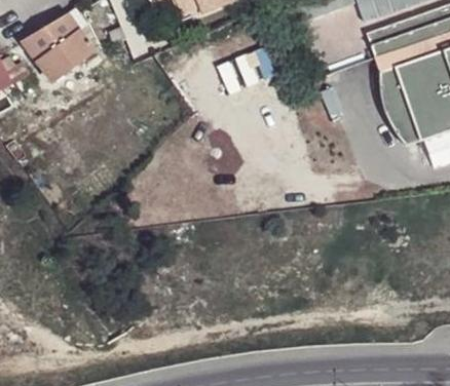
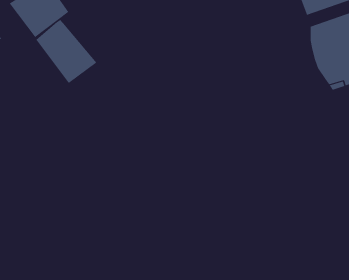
building: none -> [36,19,97,84]

